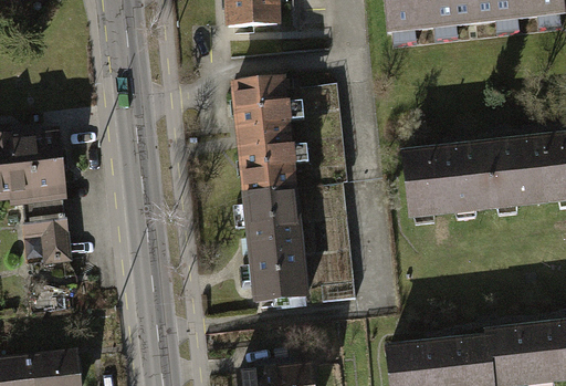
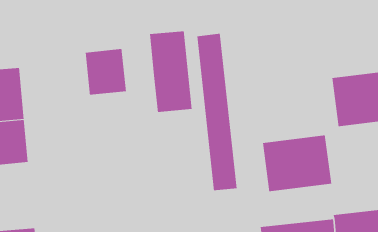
building: none -> [85,48,126,95]
building: [398,142,494,220] -> [262,135,332,192]
building: [245,185,306,299] -> none

